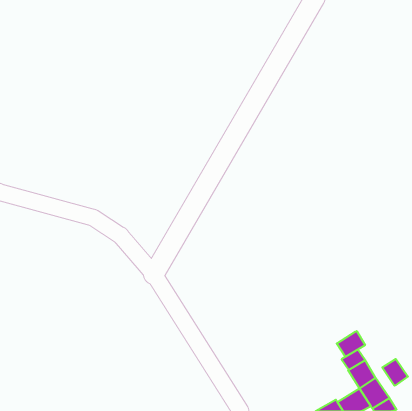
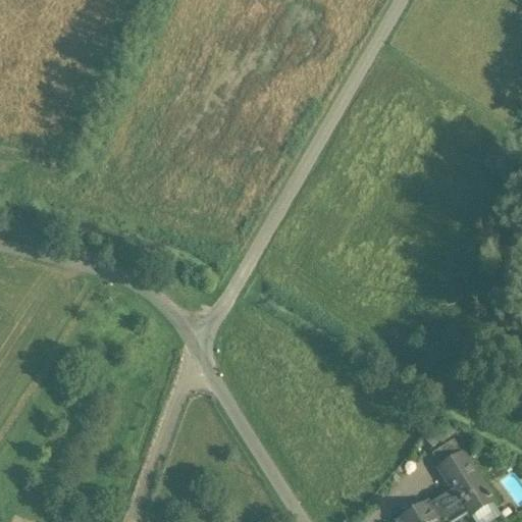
building: [337,331,365,357] -> none
building: [382,359,408,386] -> none

